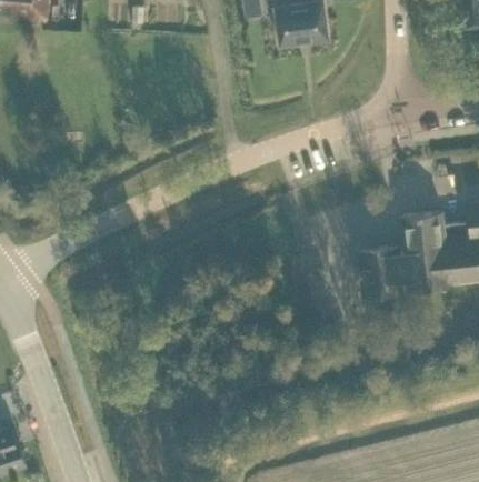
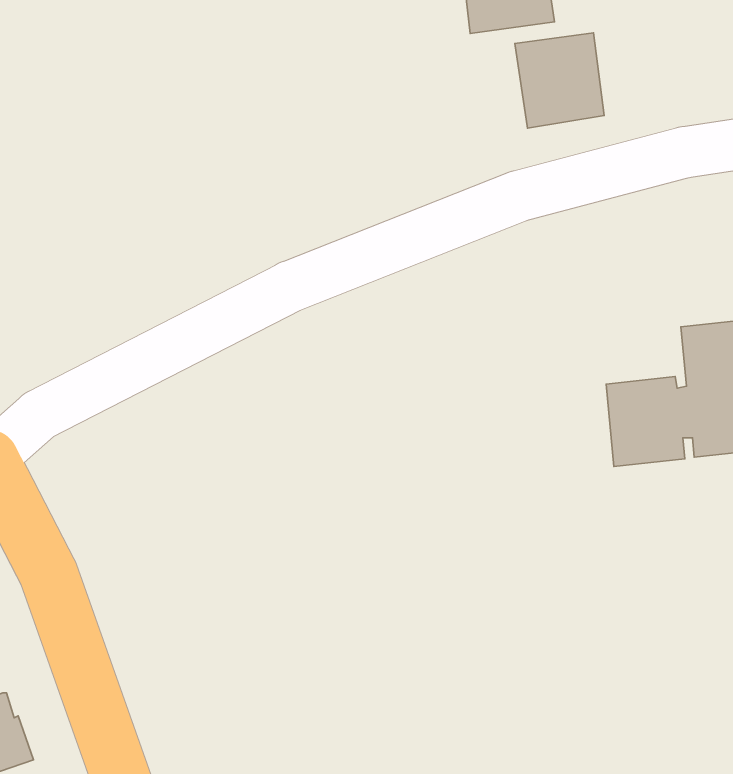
building: none -> [515,33,604,128]

